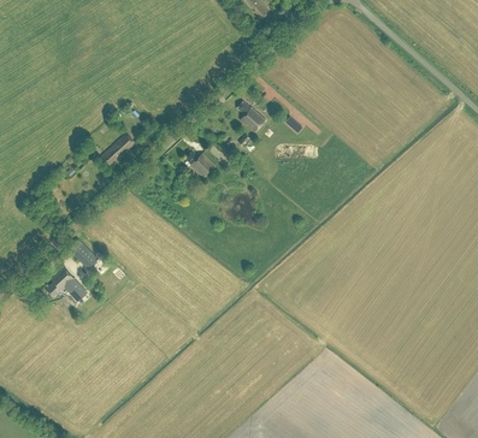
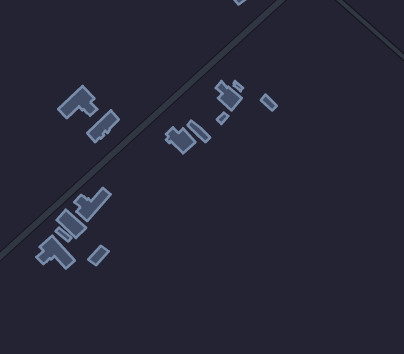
building: none -> [58,86,97,118]
building: none -> [74,188,111,221]

